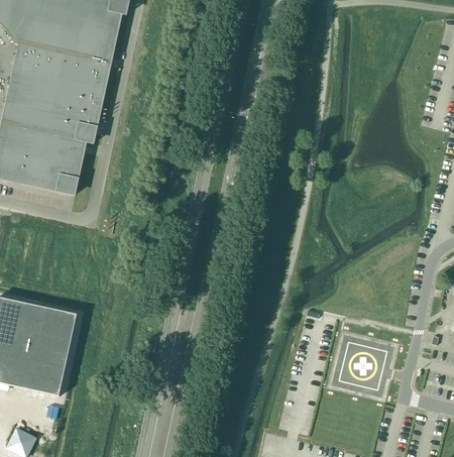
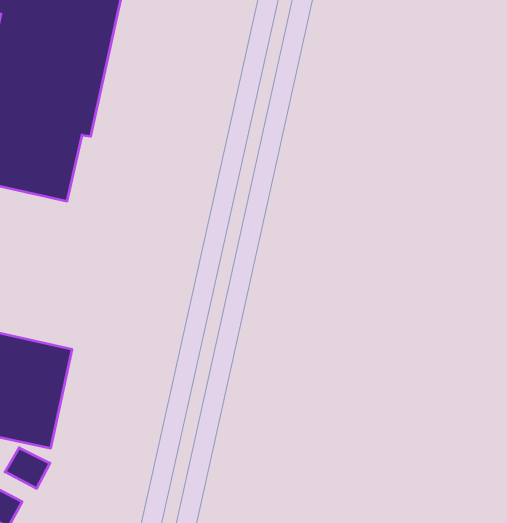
building: none -> [5,448,50,488]

